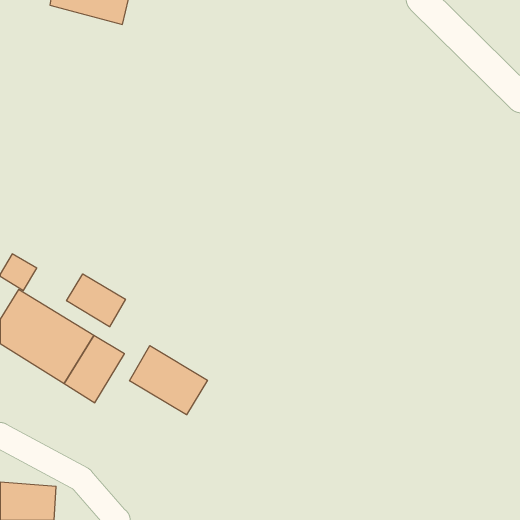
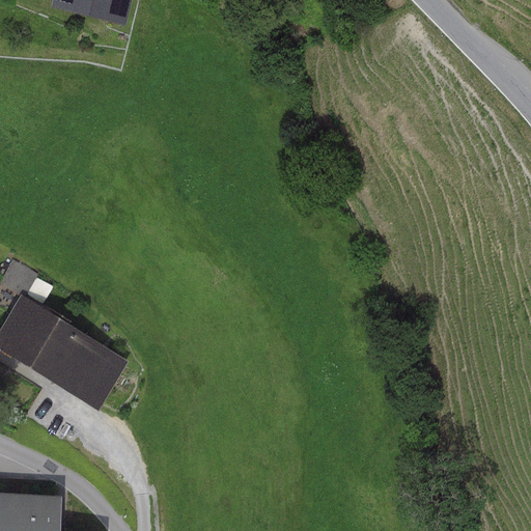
building: [67,274,125,327] -> none
building: [130,346,207,415] -> none

